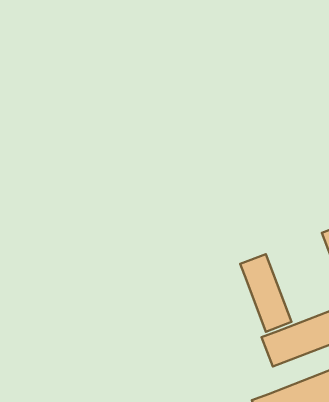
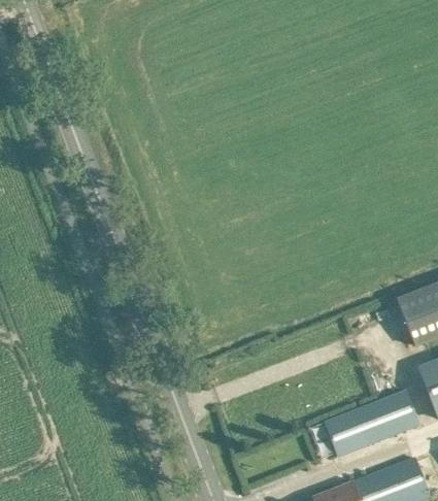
building: [240,254,292,332] -> none

